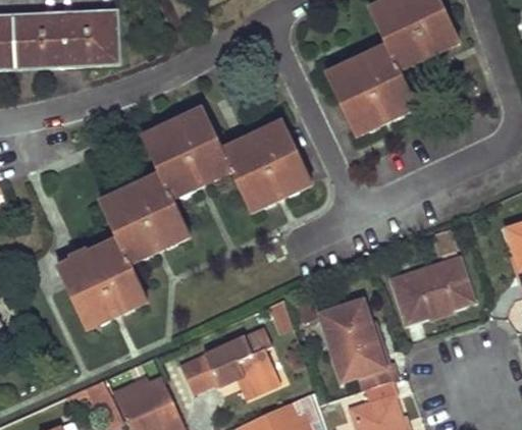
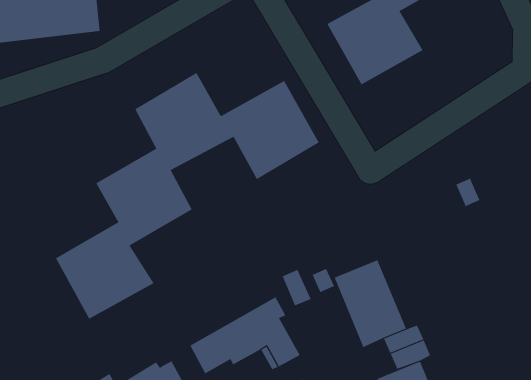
building: [388,254,467,315] -> none

